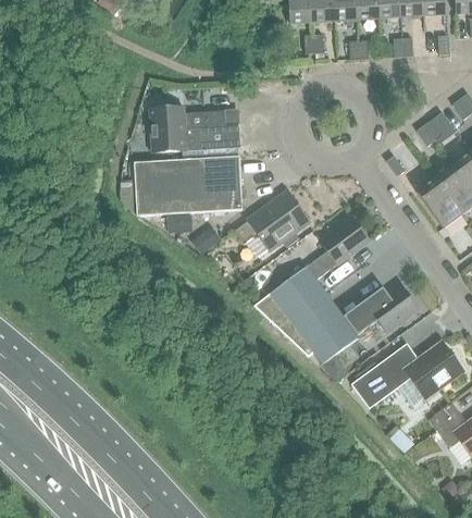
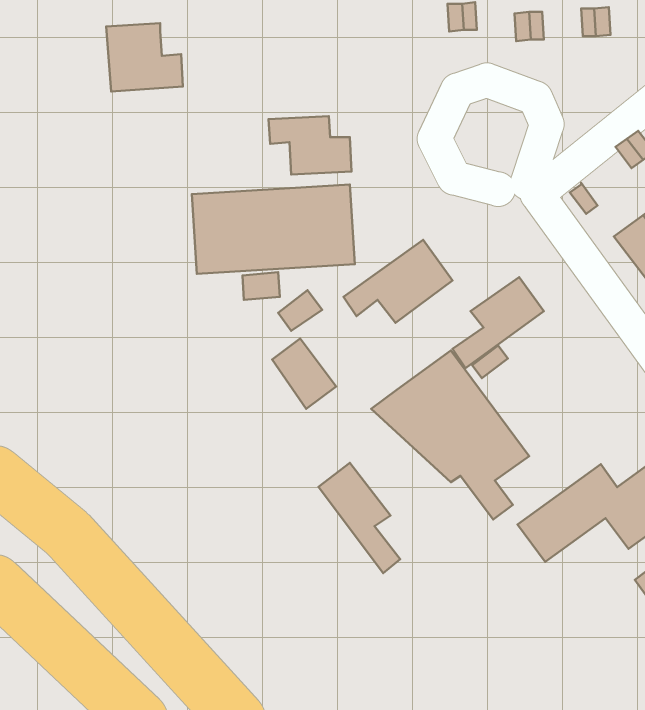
building: [149,106,200,151] -> [106,23,183,92]
building: none -> [272,338,336,409]
building: [344,285,419,331] -> none
building: none -> [318,463,400,573]

